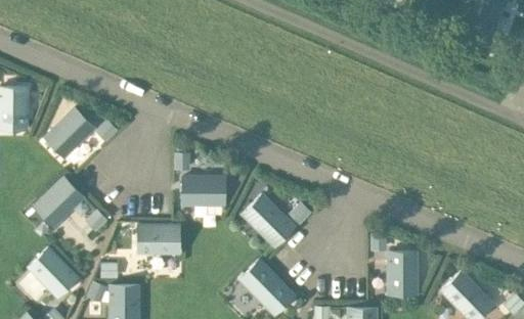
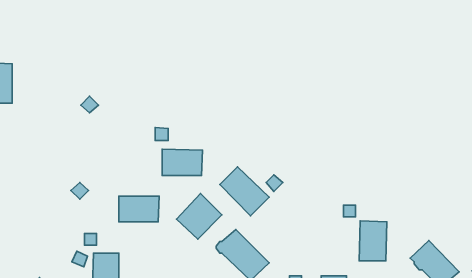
building: [46,109,94,156] -> none
building: [35,178,83,226] -> none
building: none -> [177,194,222,239]
building: [30,248,77,297] -> none

